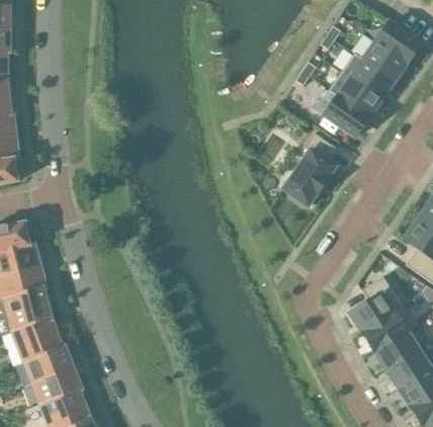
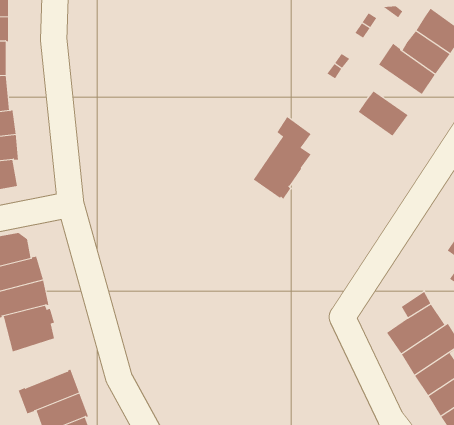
building: [328,72,380,117] -> none
building: [282,132,335,206] -> [253,116,312,200]
building: [12,318,62,362] -> none

